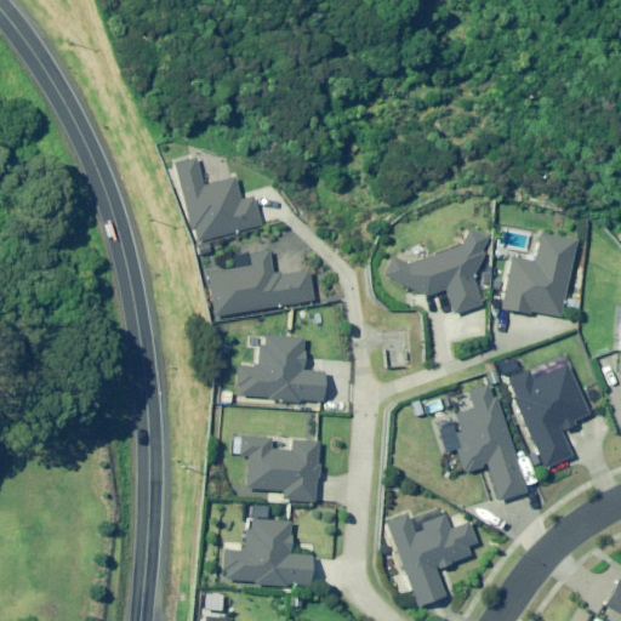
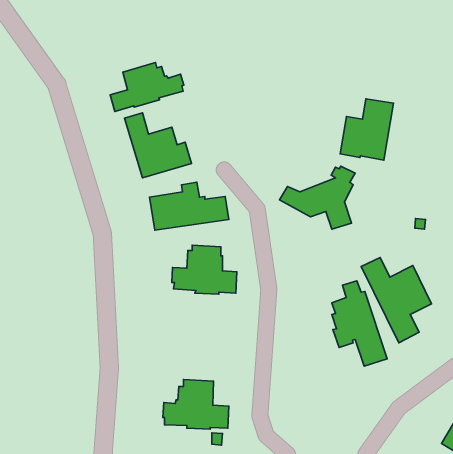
building: none -> [110,62,184,111]
building: [503,233,576,317] -> [340,99,394,160]
building: [241,437,321,502] -> none
building: [387,512,480,606] -> none

